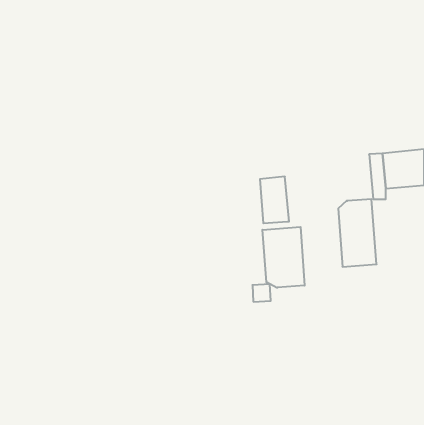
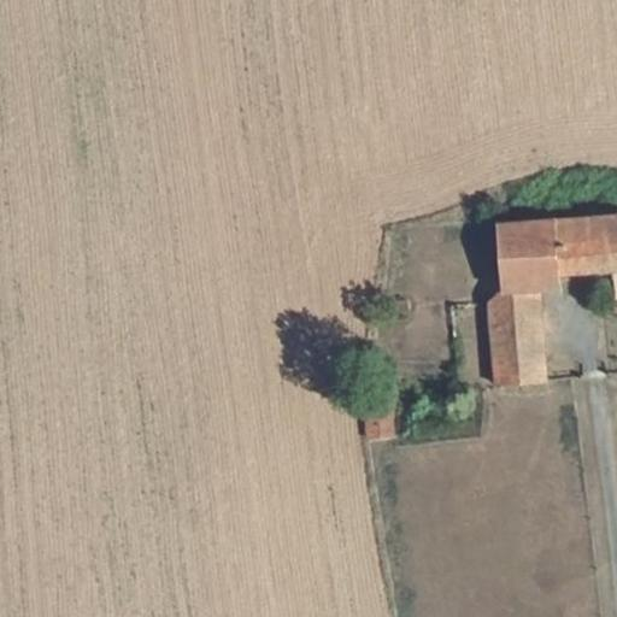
building: [260,177,289,223] -> [498,223,540,290]
building: [262,227,305,288] -> none

